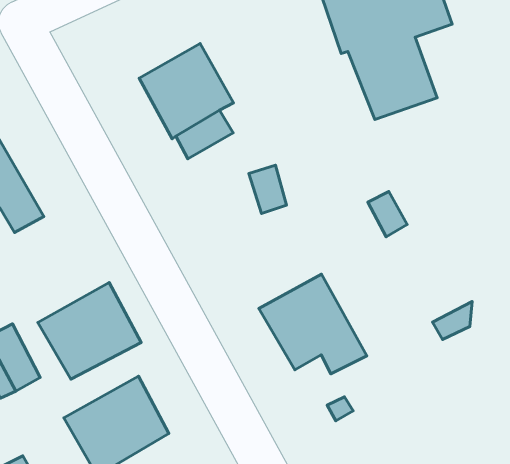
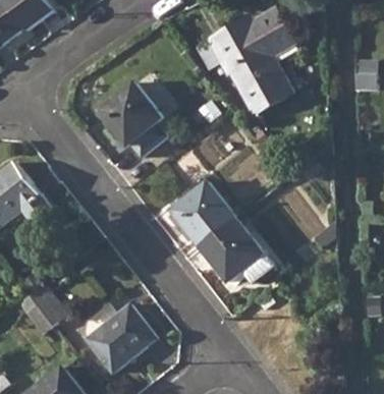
building: none -> [171,182,236,247]
building: [38,283,141,379] -> none

